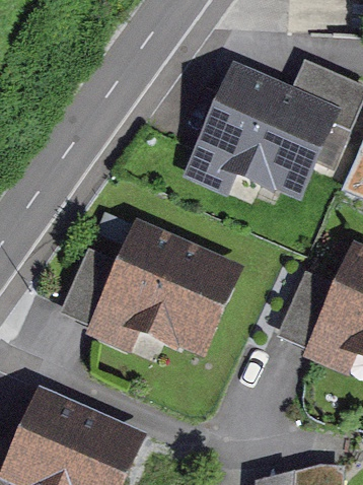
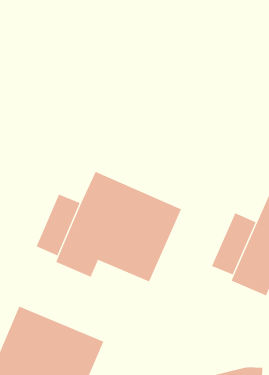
building: [194,62,342,201] -> none

